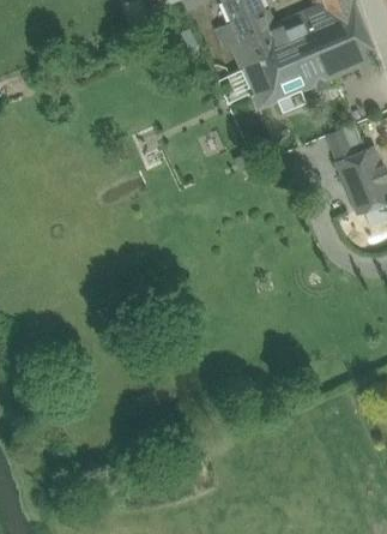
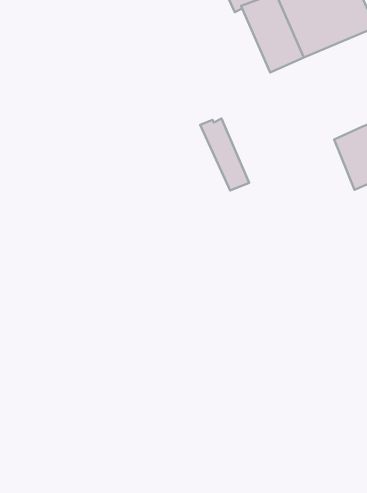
building: [229,38,276,107] -> [200,119,249,190]
building: [325,125,363,163] -> none

